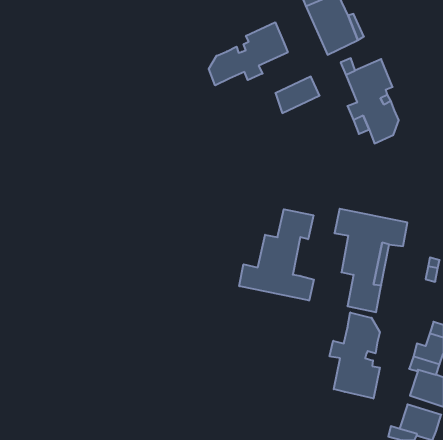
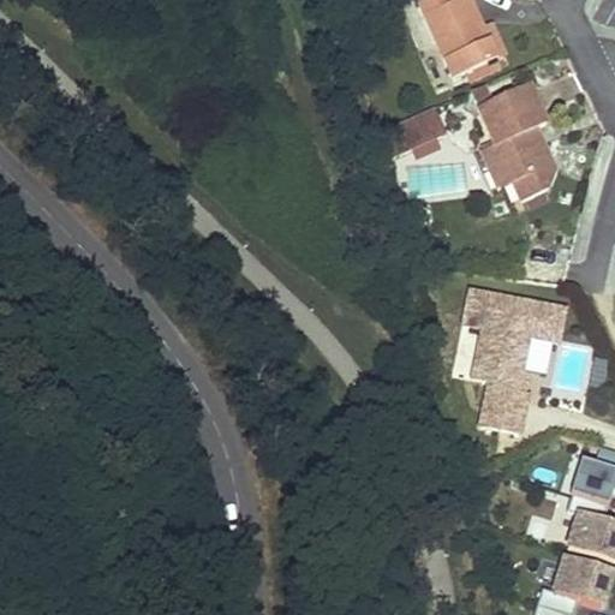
building: [209,22,288,85] -> none
building: [239,209,314,301] -> none
building: [330,312,380,399] -> none

